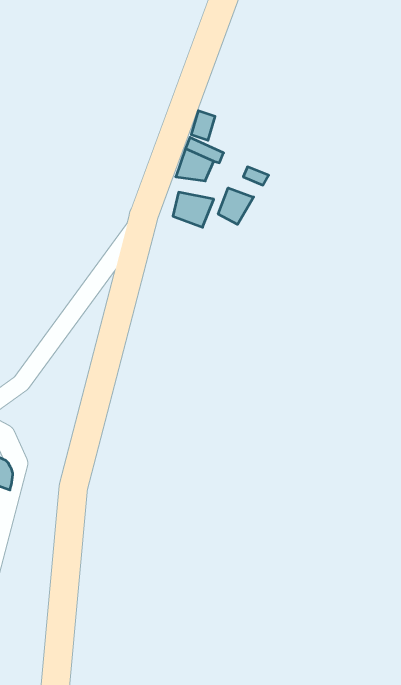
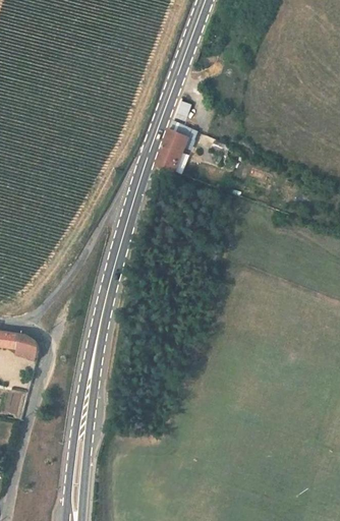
building: [218,188,254,224] -> none

